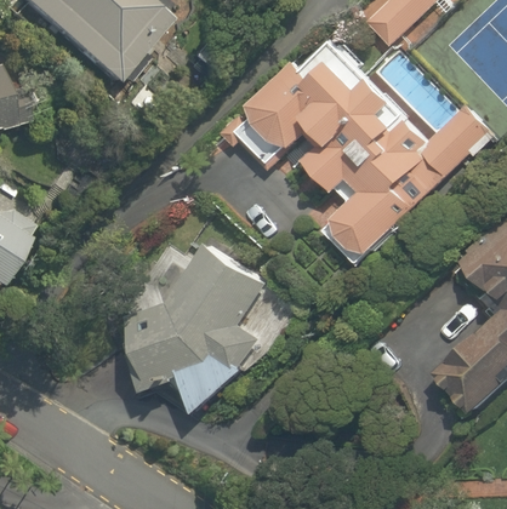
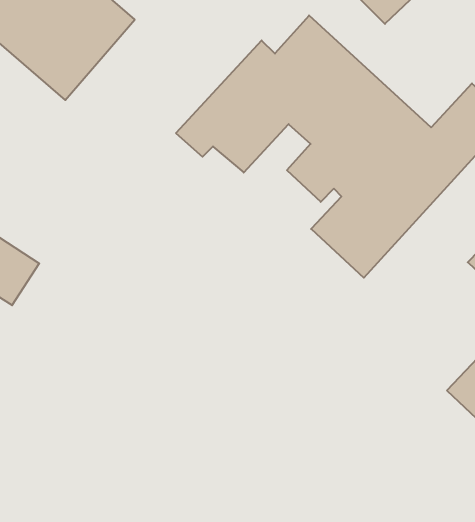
building: [123,254,260,411] -> none

